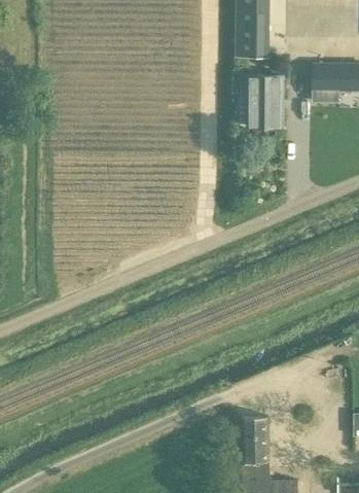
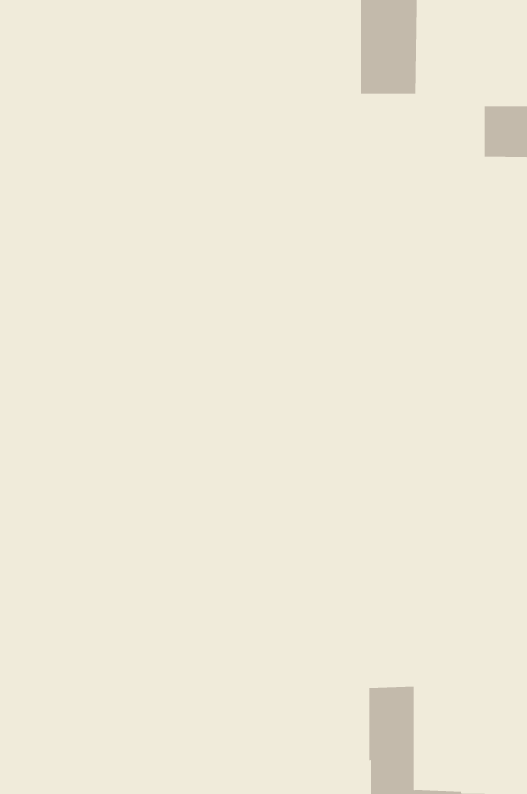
building: [243,75,282,128] -> none

